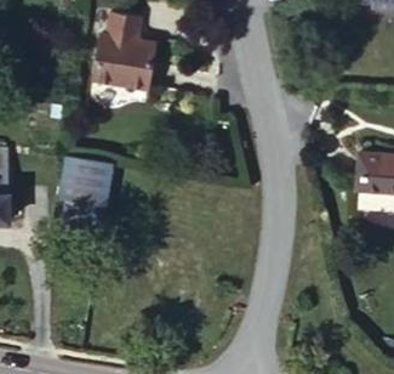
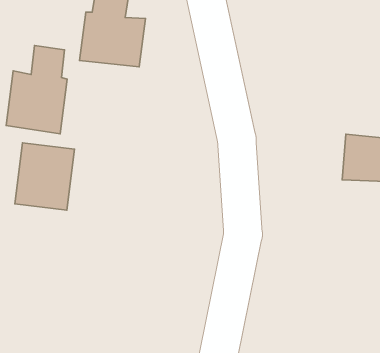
building: none -> [6,46,67,134]

